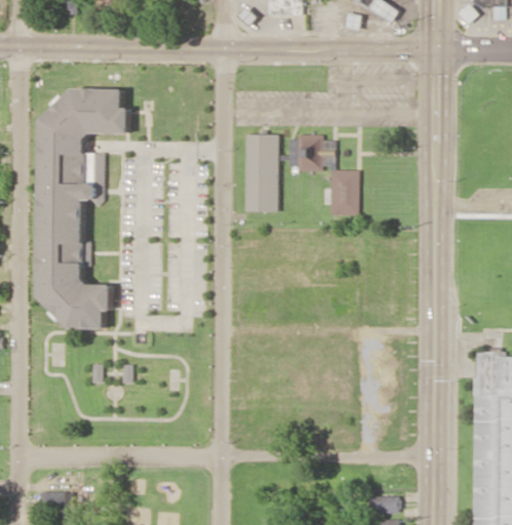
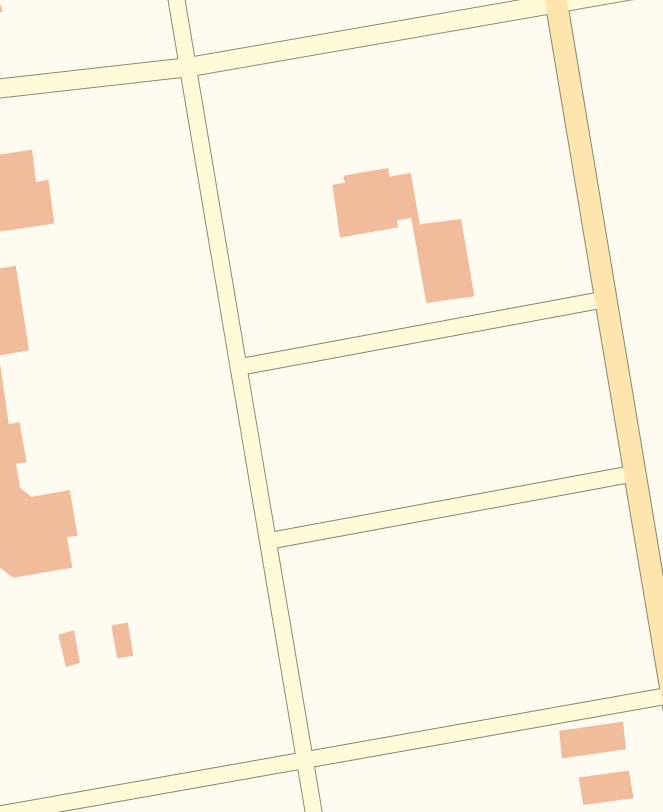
building: [244,133,278,211] -> none
building: none -> [559,721,626,759]

